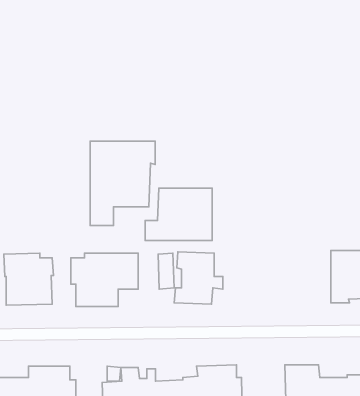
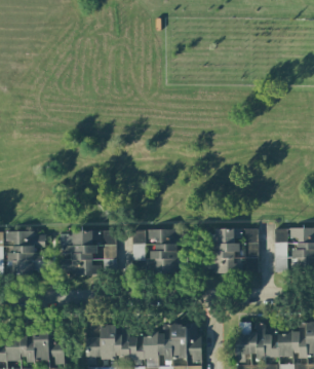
building: [90,141,155,226] -> none
building: [145,188,212,240] -> [202,229,258,272]

